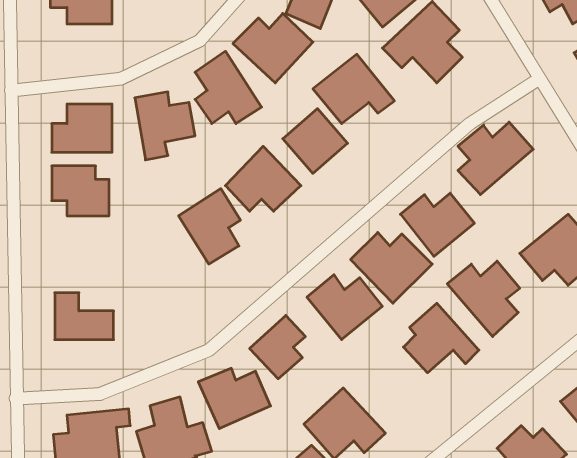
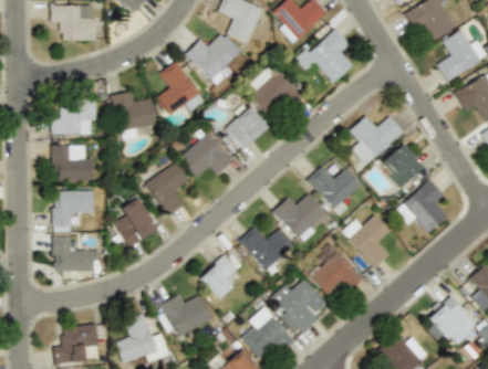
building: none -> [380,141,427,189]
building: none -> [54,191,94,232]
building: none -> [114,197,159,249]
building: none -> [272,281,331,337]

